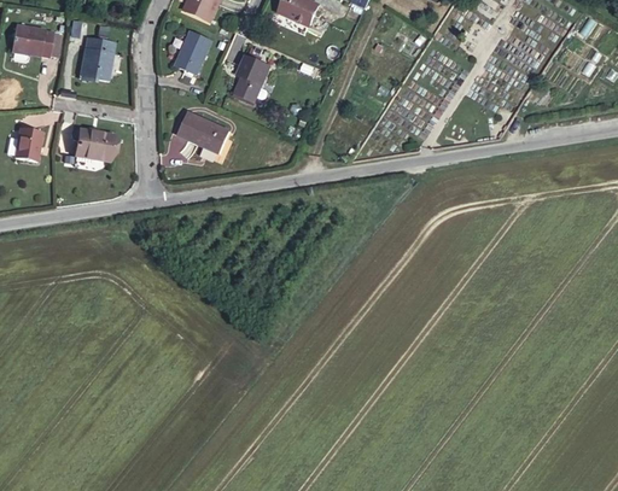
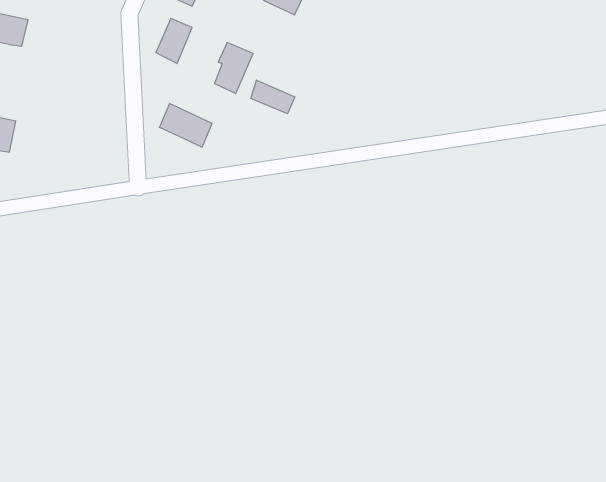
building: [78,37,113,81] -> none
building: none -> [251,80,295,114]
building: [75,129,113,162] -> none

